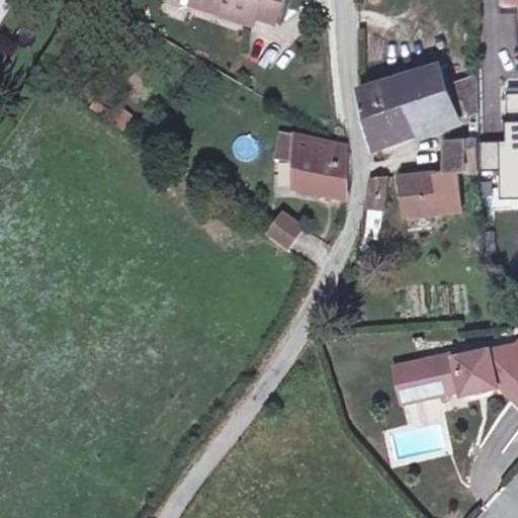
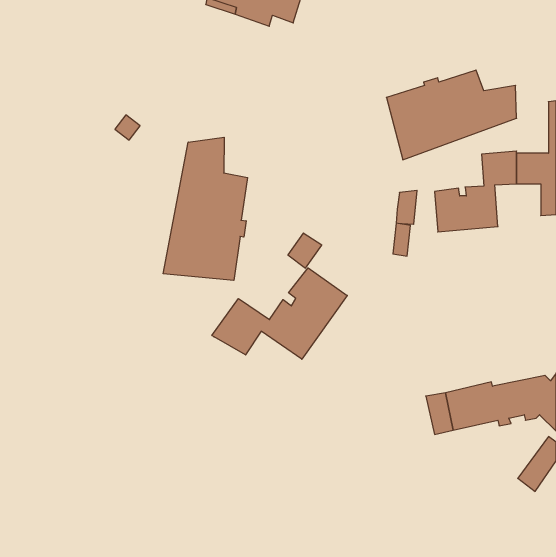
building: none -> [163,137,248,280]
building: [276,136,344,198] -> none
building: none -> [212,268,347,359]

